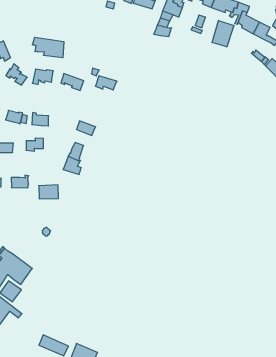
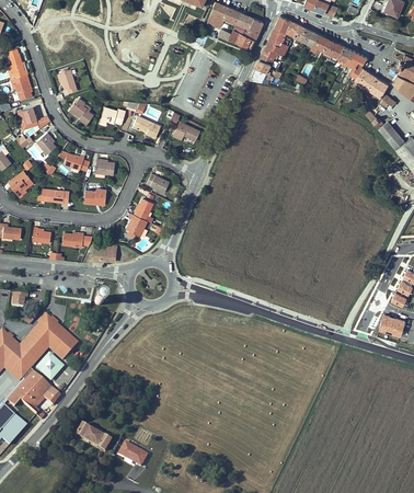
building: [212,20,234,47] -> none
building: [32,37,64,58] -> none

